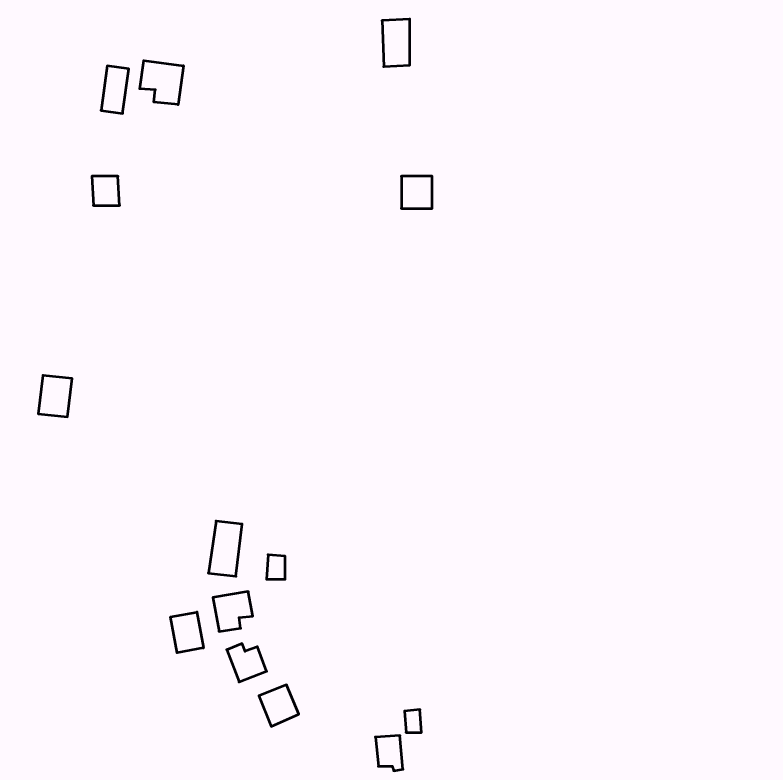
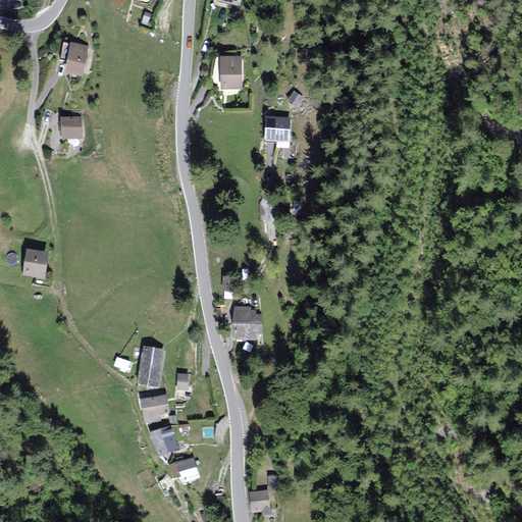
building: [382,19,410,67] -> [221,56,240,88]
building: [140,61,183,105] -> none
building: none -> [233,307,258,337]
building: [171,612,203,653] -> none

